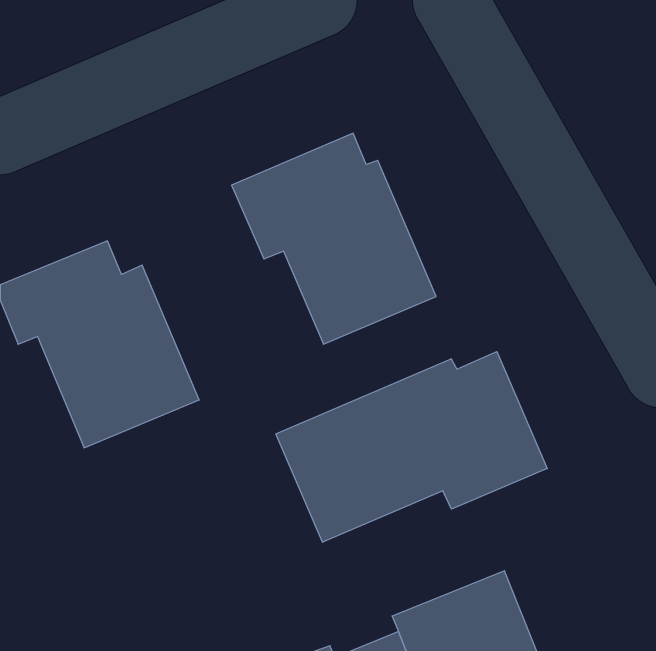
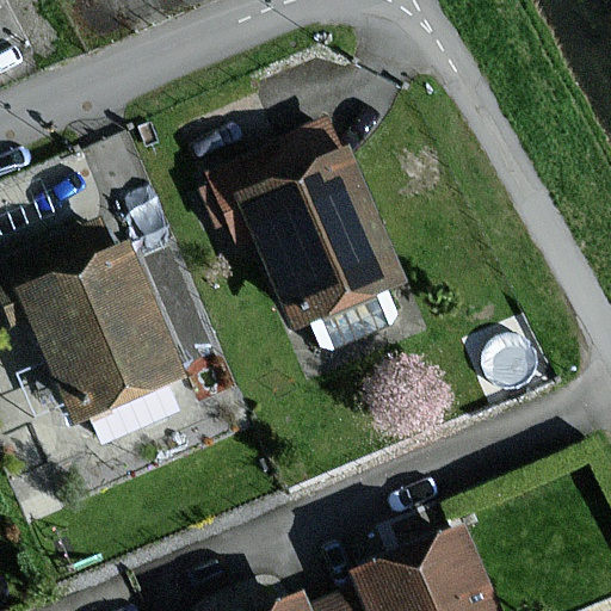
building: [276,352,547,542] -> none

